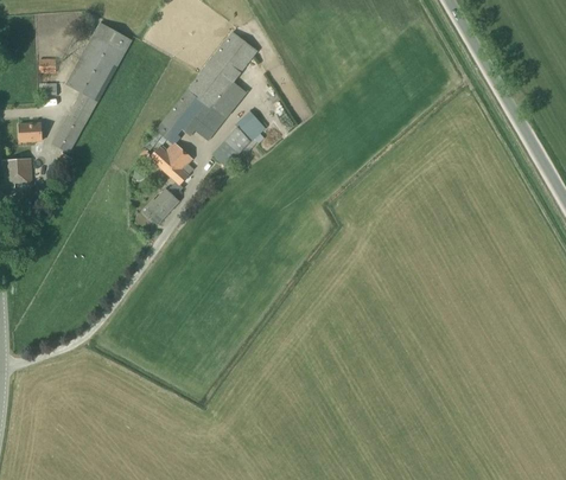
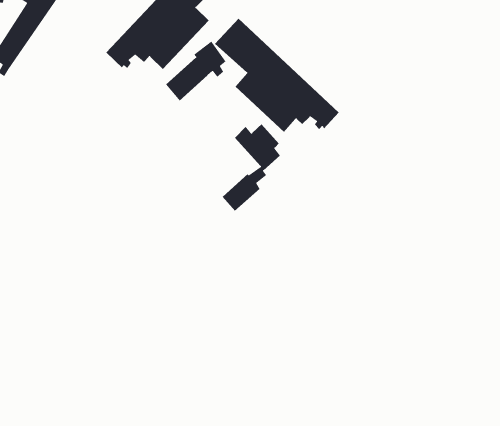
building: none -> [214,18,339,133]
building: [144,142,193,224] -> [222,123,281,211]

